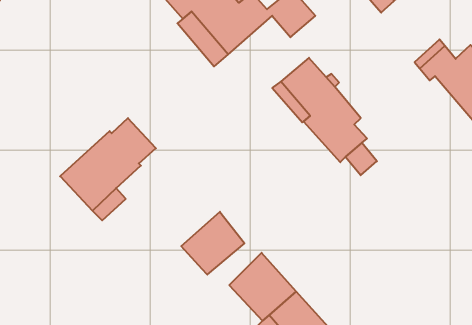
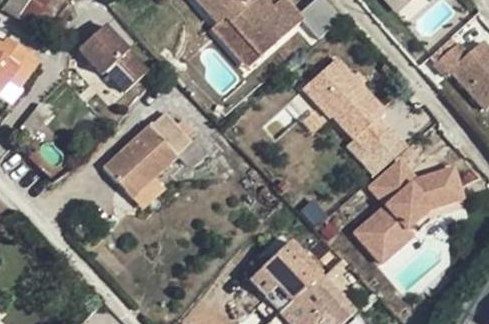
building: none -> [76,22,150,96]
building: none -> [353,154,467,259]
building: [181,212,244,275] -> none

